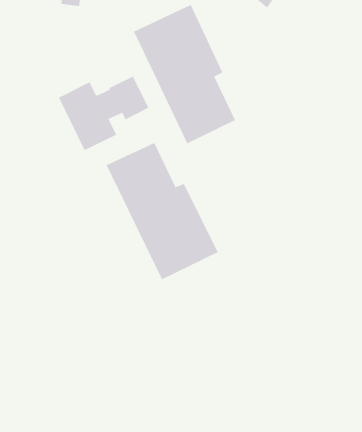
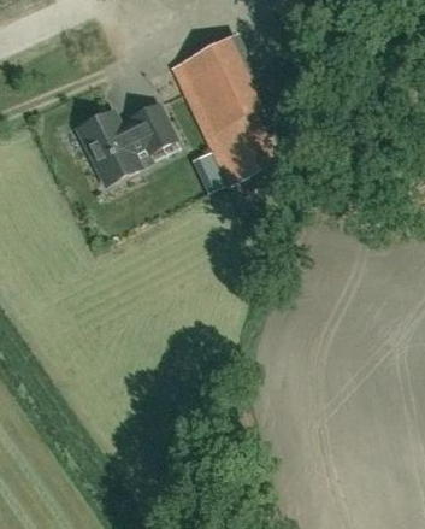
building: [106,142,219,280] -> none

